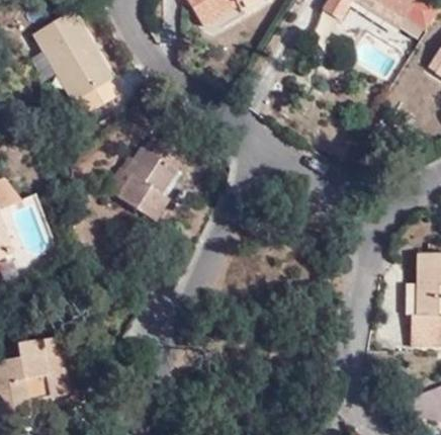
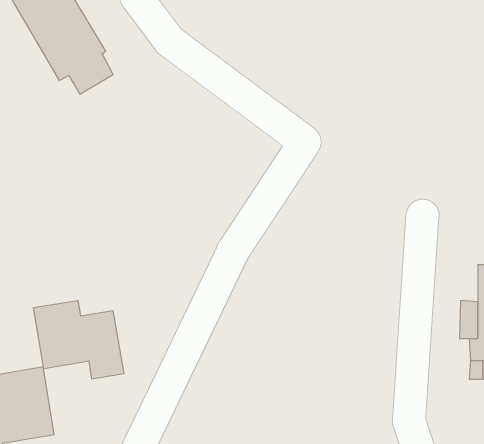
building: [105,139,185,218] -> none
building: none -> [34,300,124,379]

